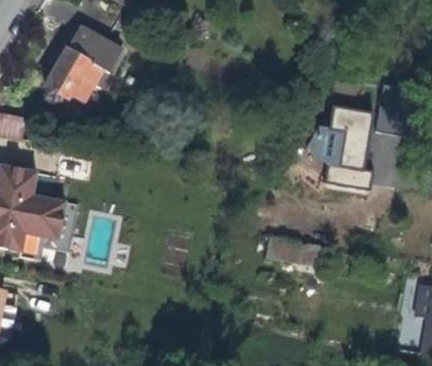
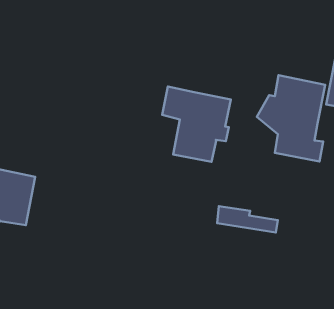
building: [49,35,114,101] -> none
building: none -> [162,86,231,162]

